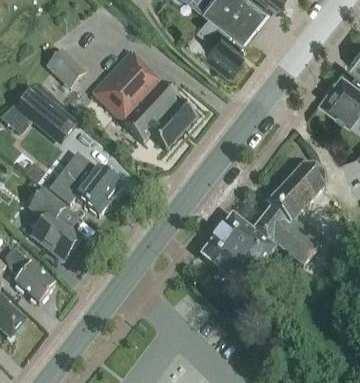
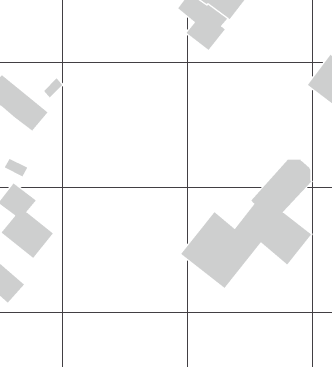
building: [45,50,85,90] -> none
building: [91,53,196,152] -> none
building: [51,160,122,218] -> none

